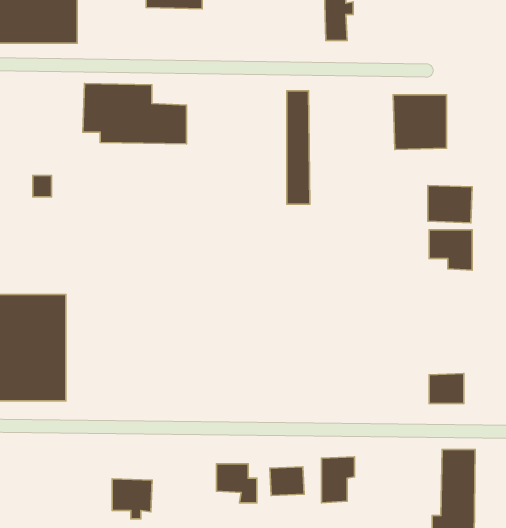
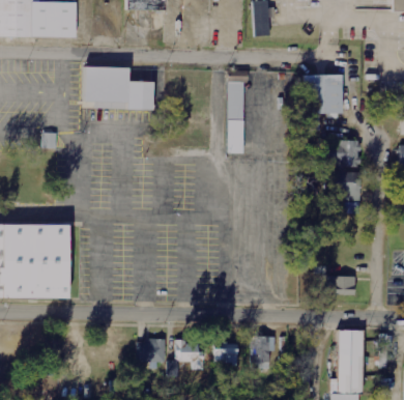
building: [112,479,152,519] -> [138,339,167,368]

